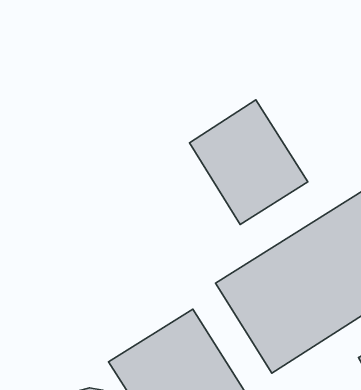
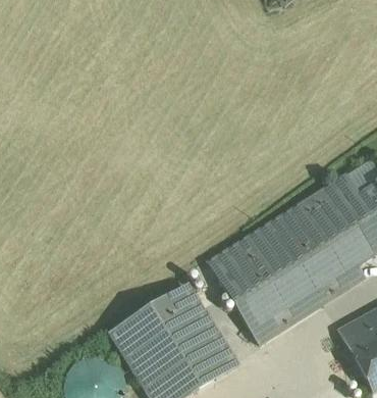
building: [189,100,308,224] -> none

